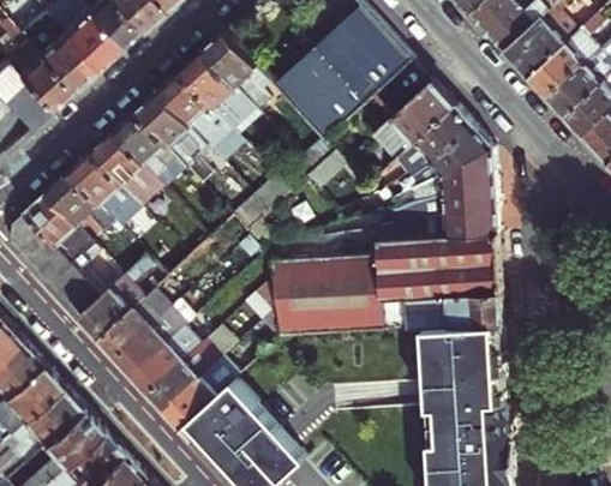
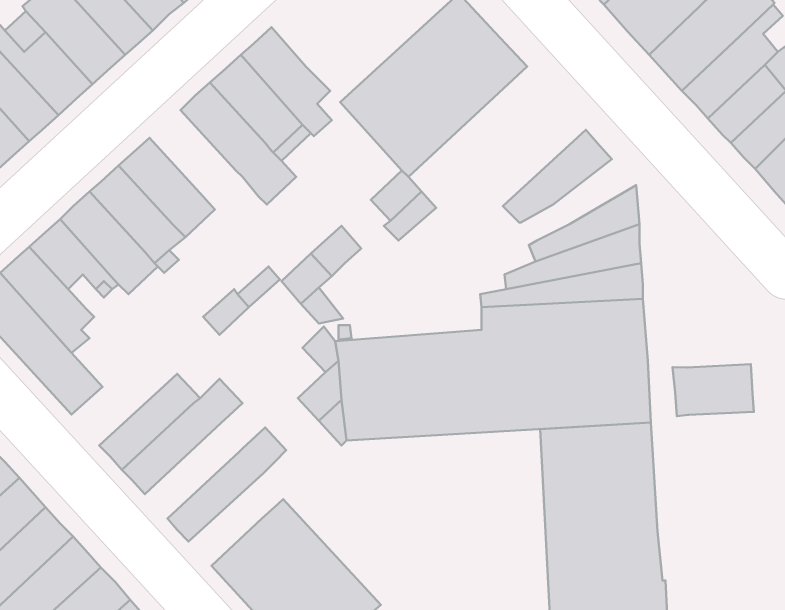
building: [376,82,456,160] -> none
building: [134,92,215,176] -> none
building: [408,128,493,188] -> none
building: [77,256,151,340] -> none
building: none -> [673,364,754,416]
building: [131,326,200,394] -> none
building: [163,352,244,428] -> none

